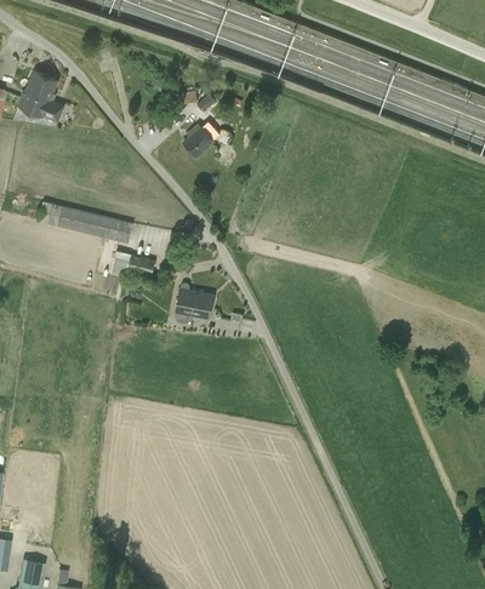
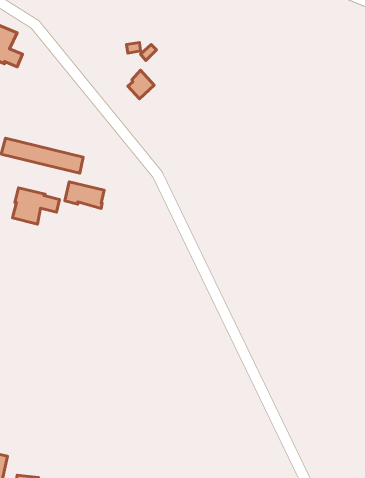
building: none -> [12,188,60,224]
building: [176,284,215,324] -> none

